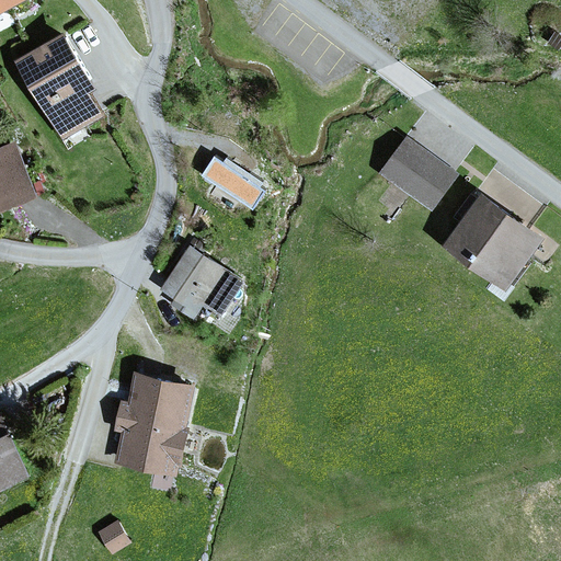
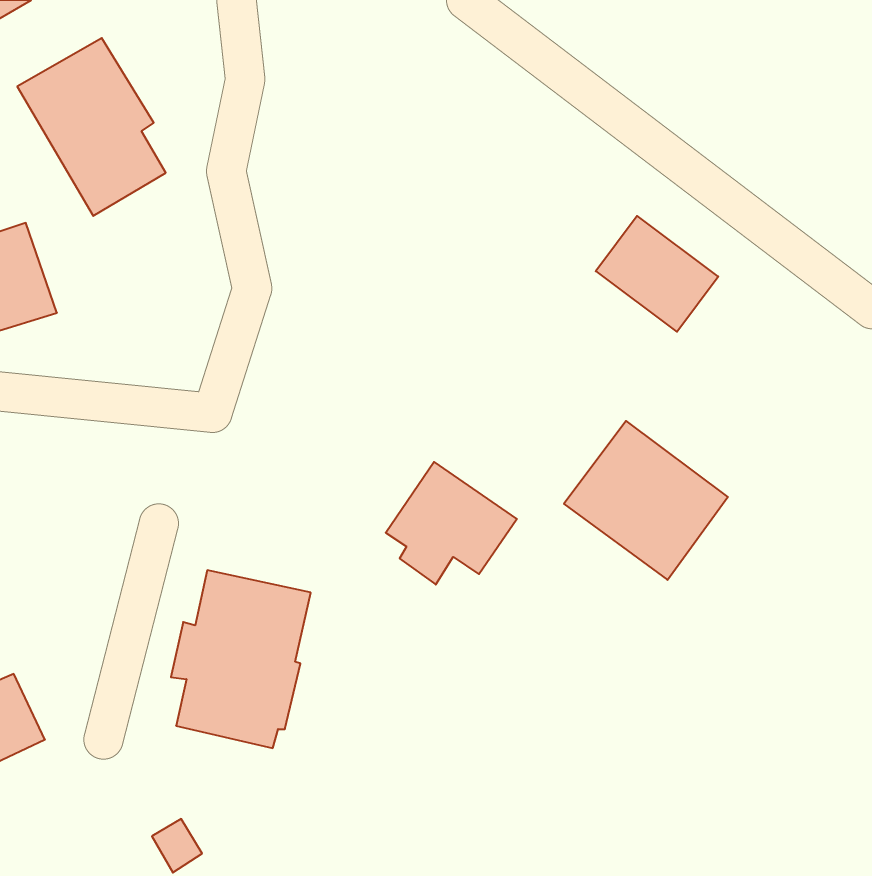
building: [199,157,263,210] -> none
building: [443,188,547,289] -> [564,421,728,580]
building: [159,244,242,322] -> [386,462,517,585]

